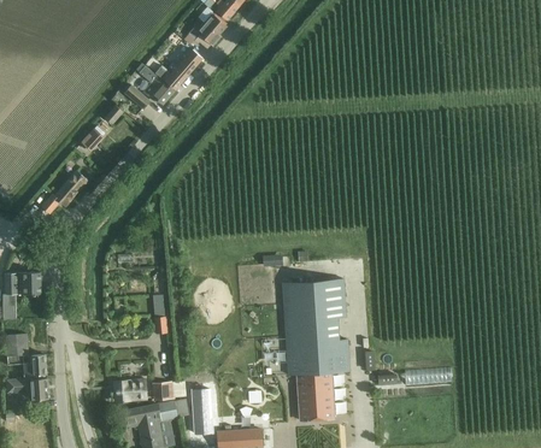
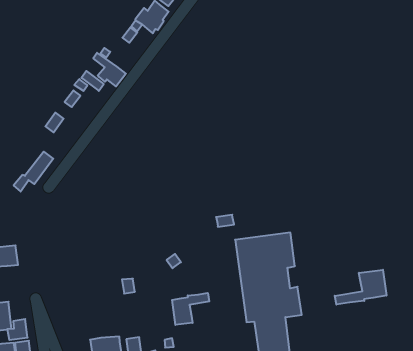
building: [157,49,202,90] -> none
building: none -> [335,270,386,305]
building: none -> [172,293,209,325]

